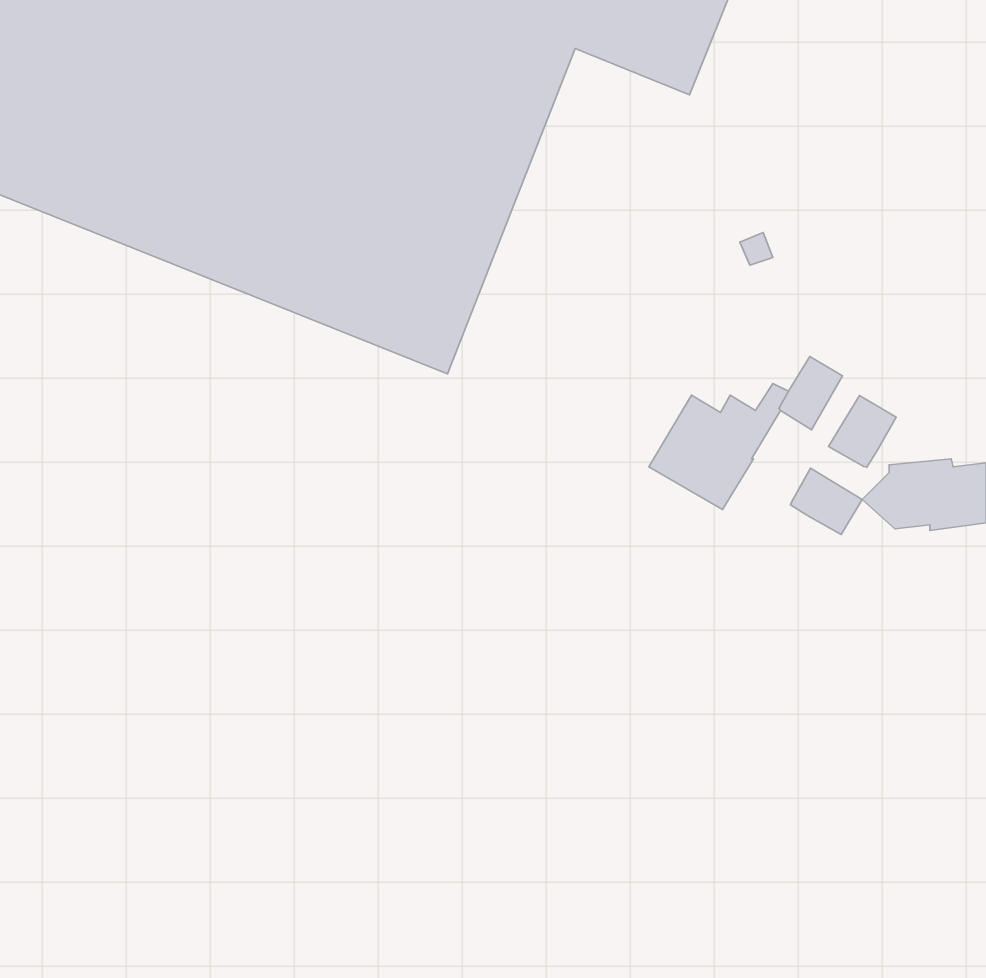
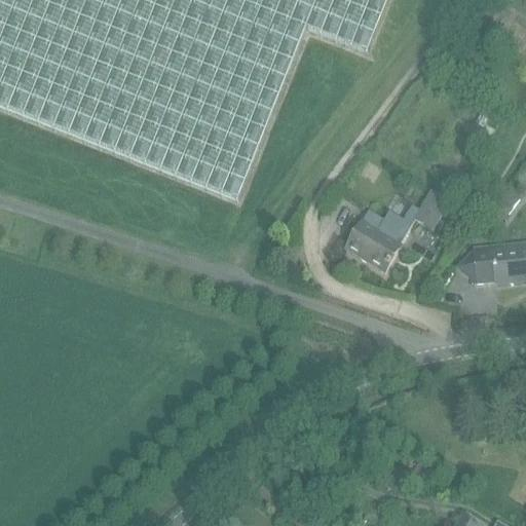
building: [829,396,896,467] -> none
building: [791,468,862,535] -> none

